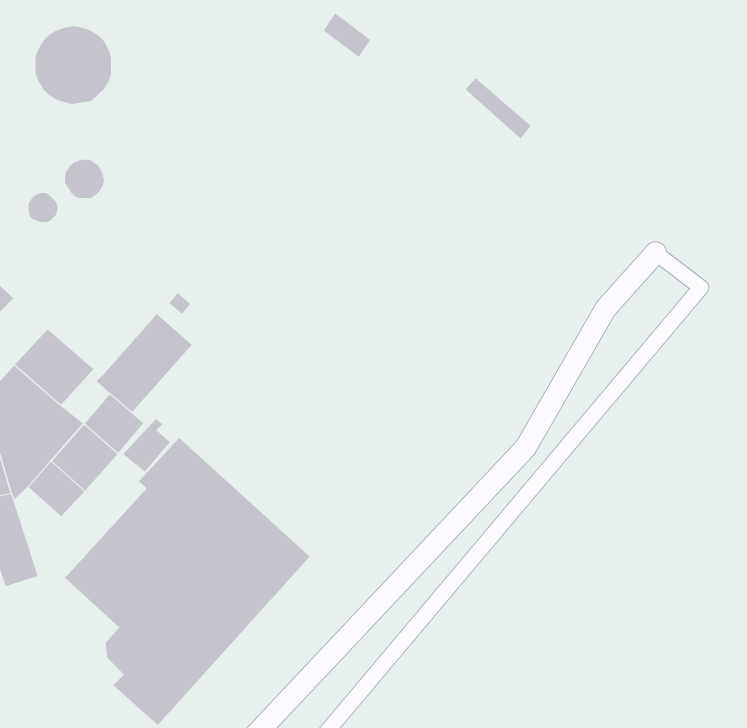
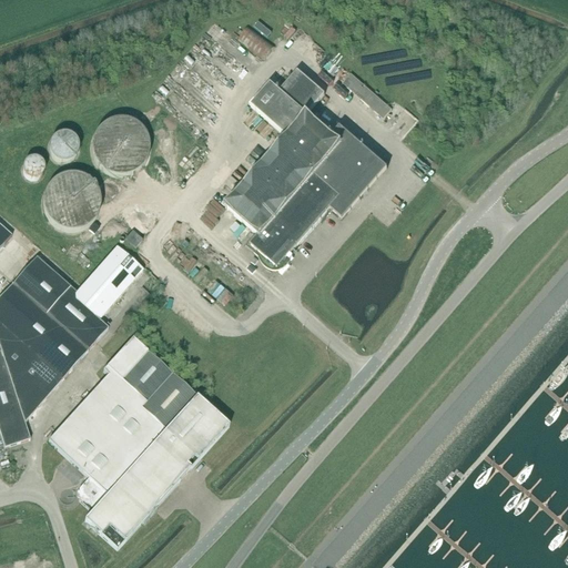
building: [35,26,112,104] -> [92,115,149,173]
building: none -> [226,67,387,265]
building: none -> [43,171,101,229]
building: [122,418,171,472] -> [47,284,82,324]
building: none -> [12,371,47,418]

